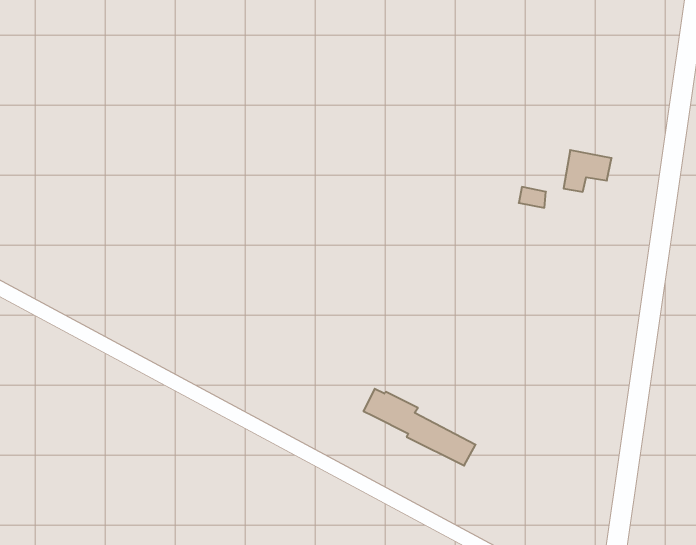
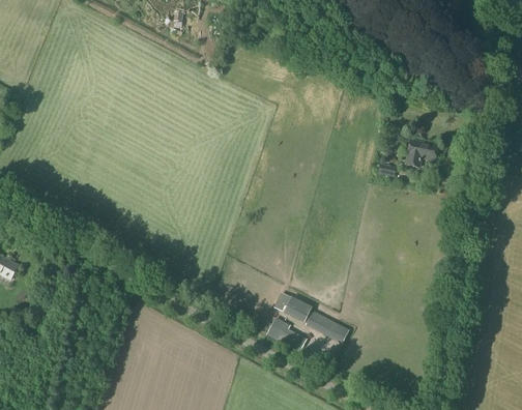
building: none -> [265,317,306,351]

